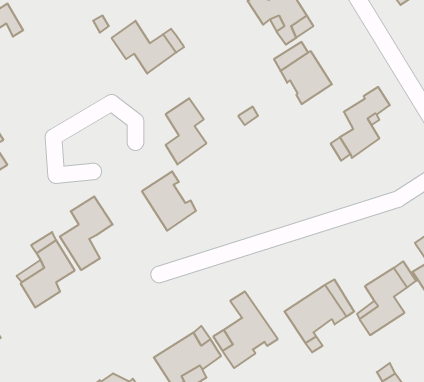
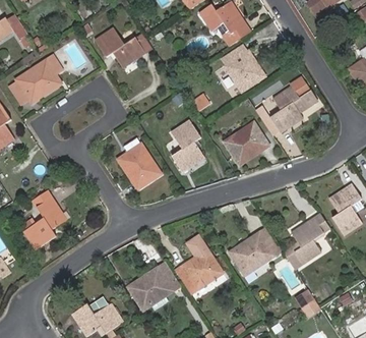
building: none -> [15,56,62,103]
building: [166,98,206,165] -> [171,121,202,172]
building: none -> [223,122,268,166]
building: [60,196,113,270] -> none

